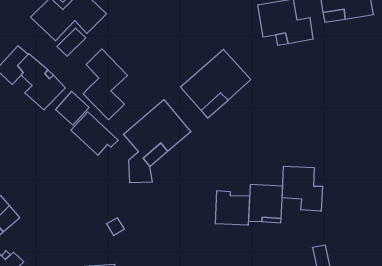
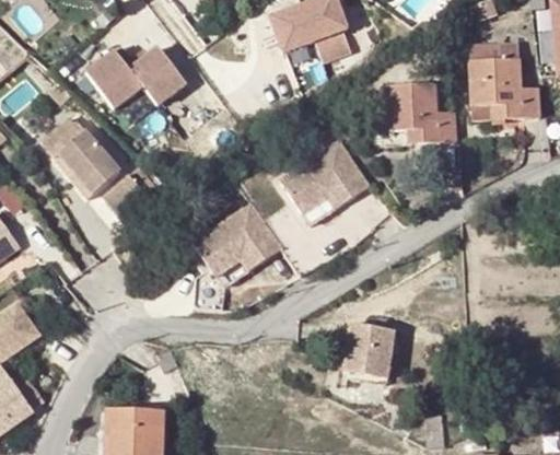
building: [83,49,127,120] -> none
building: [71,112,118,155] -> none
building: [282,166,323,211] -> none
building: [215,191,249,225] -> none

